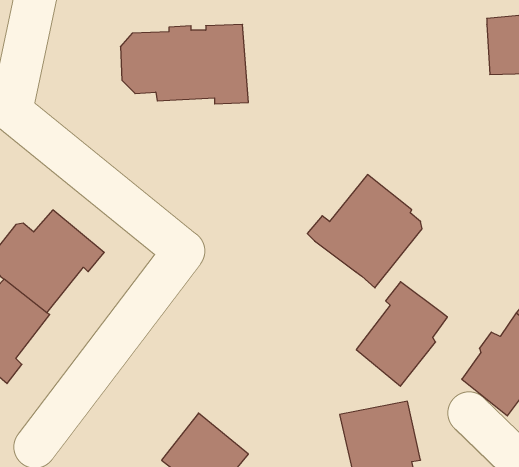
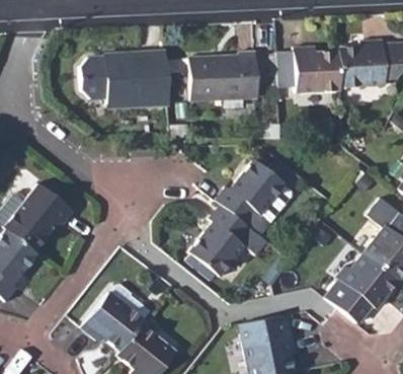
building: none -> [283,50,341,94]
building: none -> [195,54,264,101]
building: [356,282,447,386] -> [190,201,253,273]
building: none -> [80,283,148,348]

